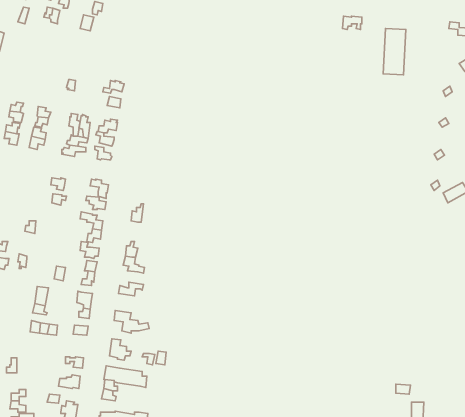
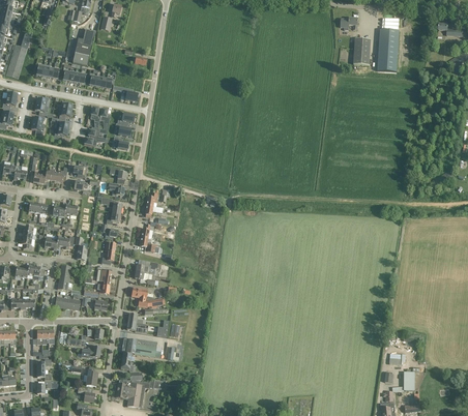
building: none -> [72,29,95,65]
building: none -> [353,38,371,64]

